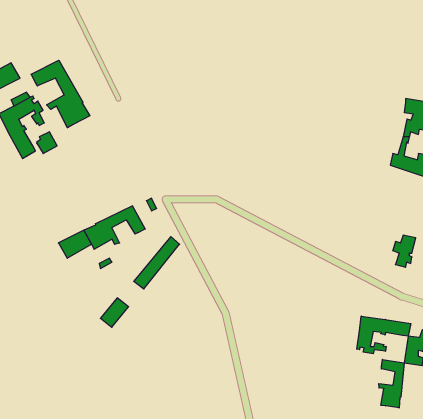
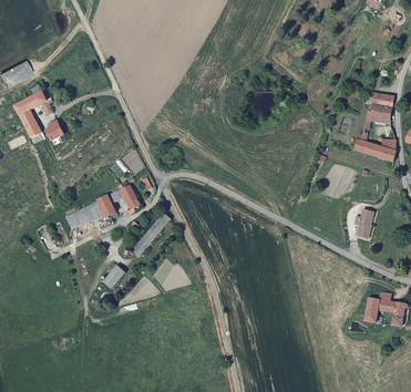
building: [31,60,90,128] -> none
building: [357,316,411,354] -> none
building: [379,359,404,408] -> none

